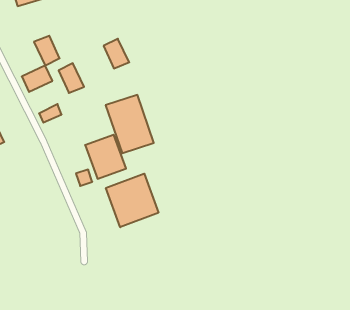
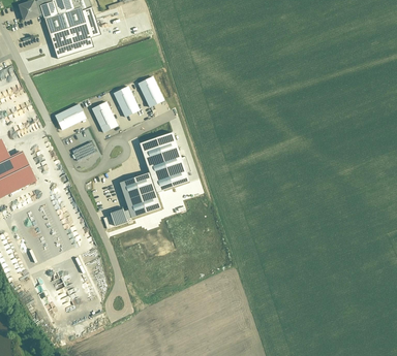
building: [34,36,60,65] -> [114,87,140,117]
building: [106,174,158,227] -> none

